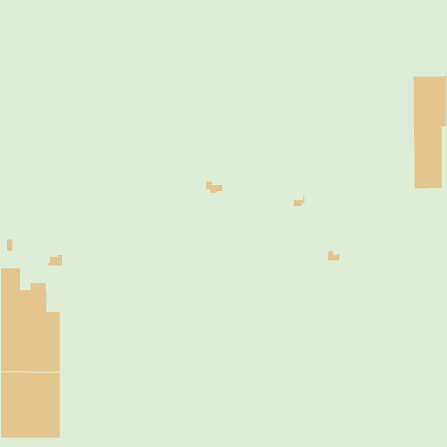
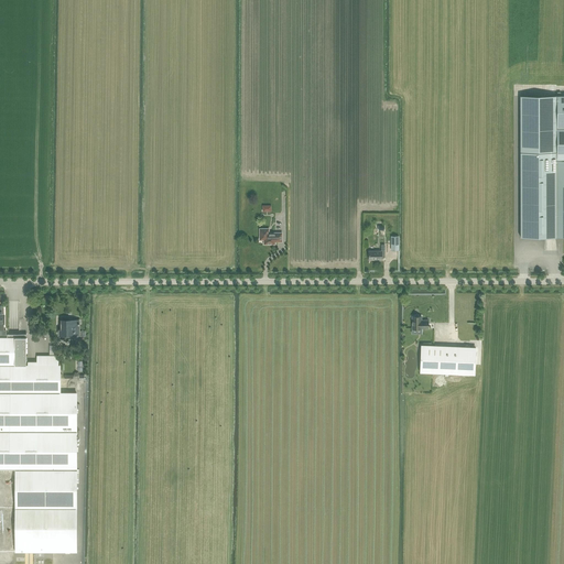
building: none -> [420,345,476,375]

